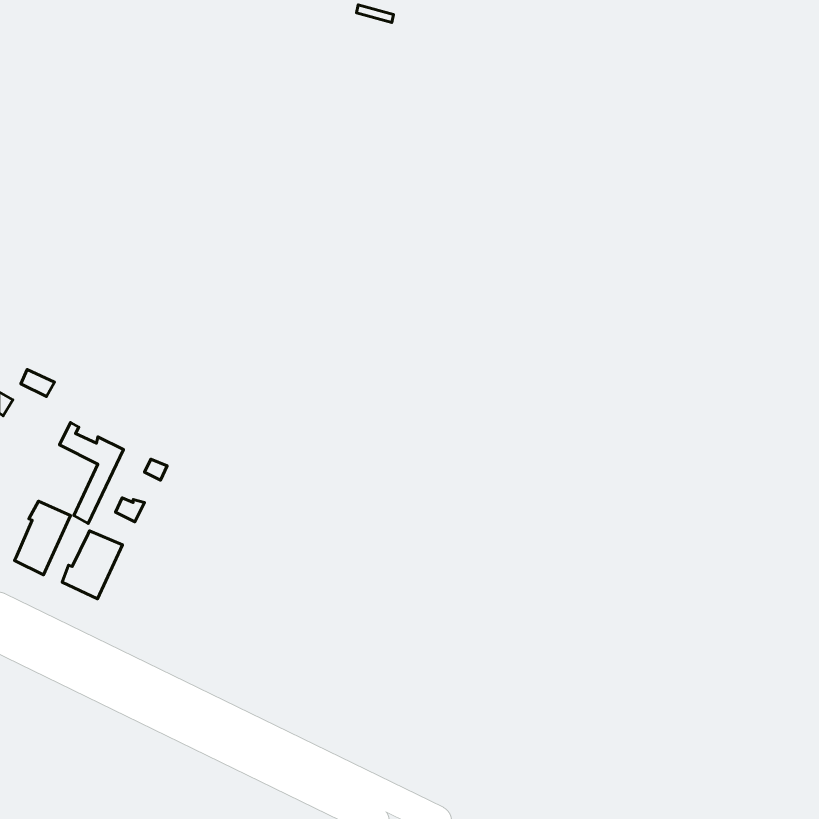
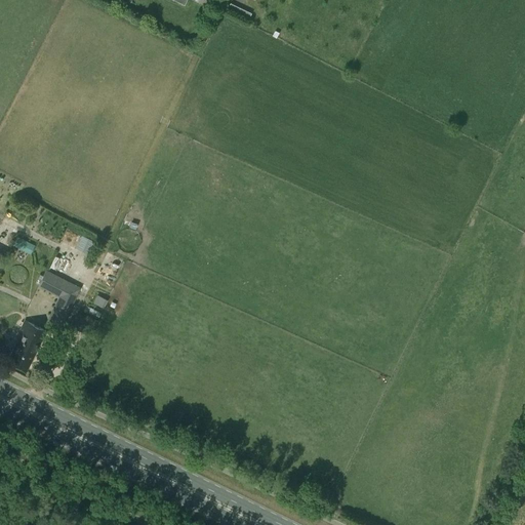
building: [62,531,122,599] -> none

